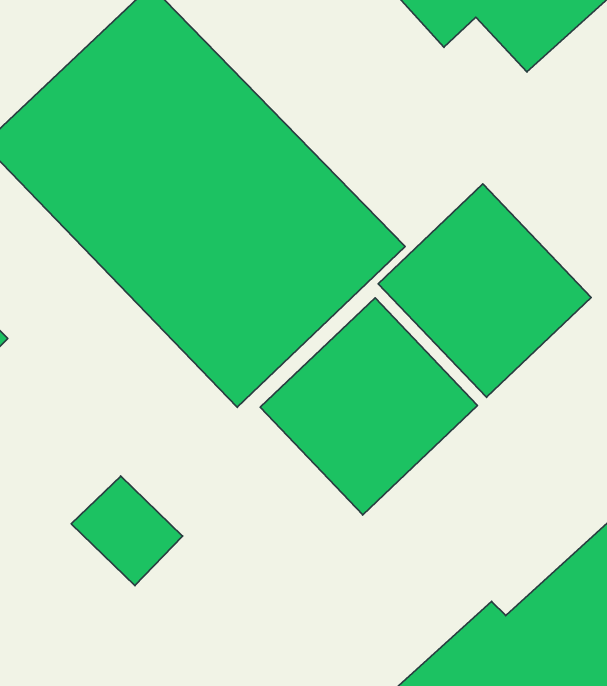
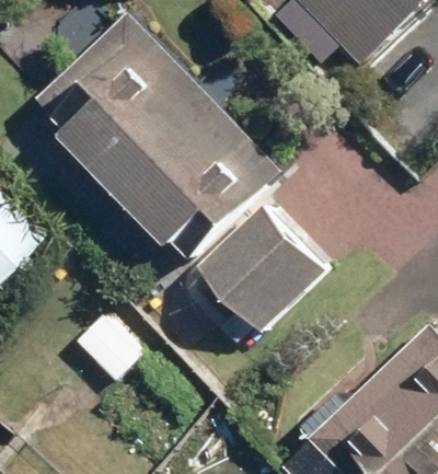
building: [378,184,591,397] -> none

